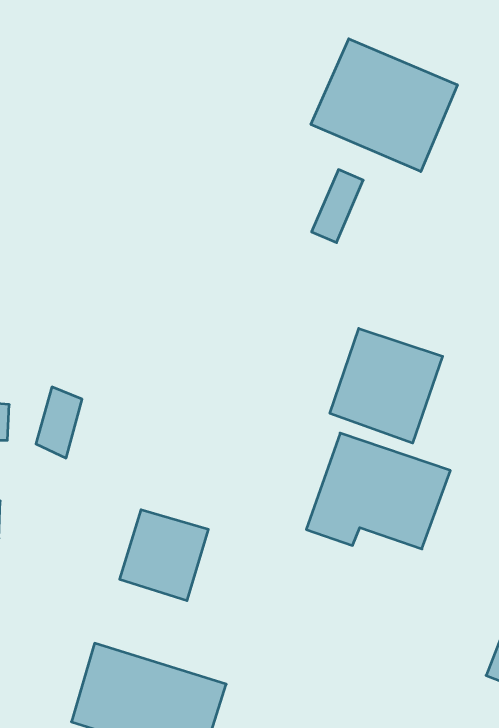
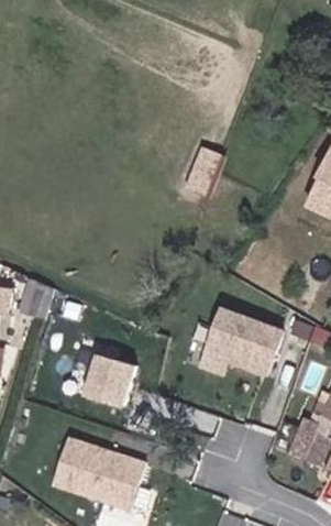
building: [311,39,457,172] -> none
building: [330,328,443,443] -> none

